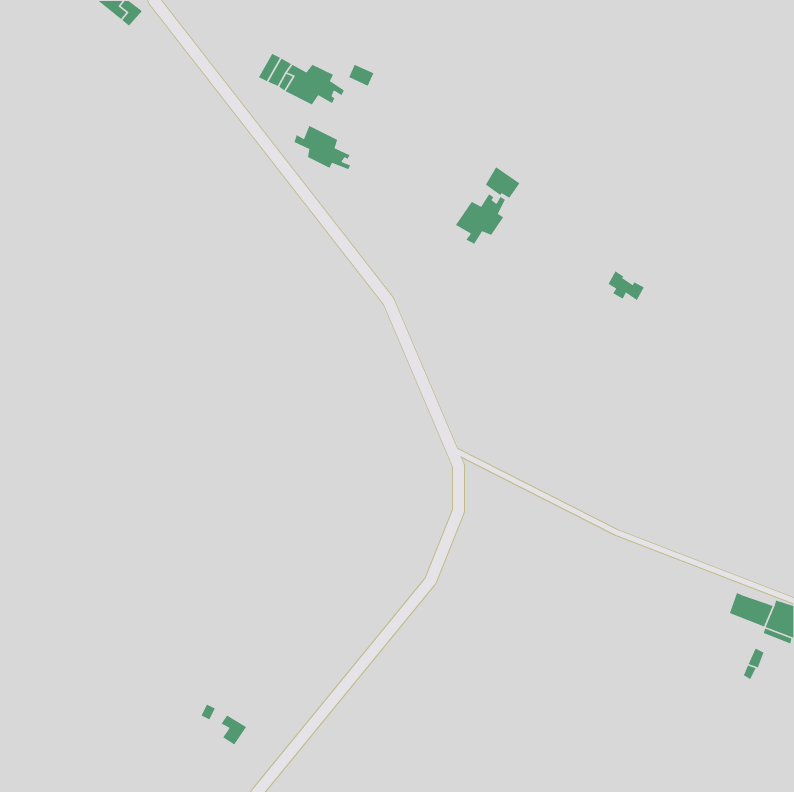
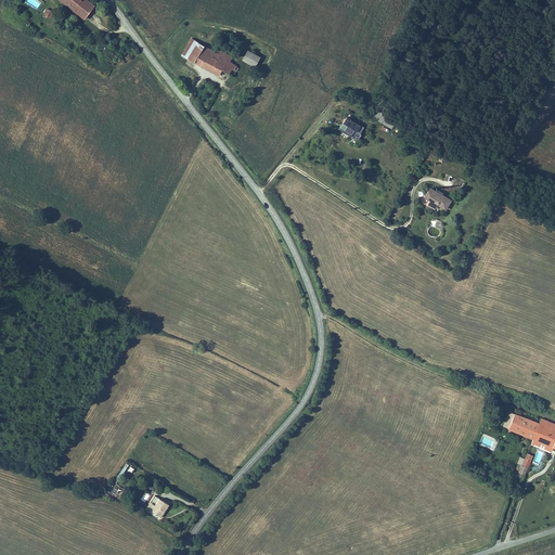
building: [293,125,351,170] -> none
building: [455,193,506,245] -> none

